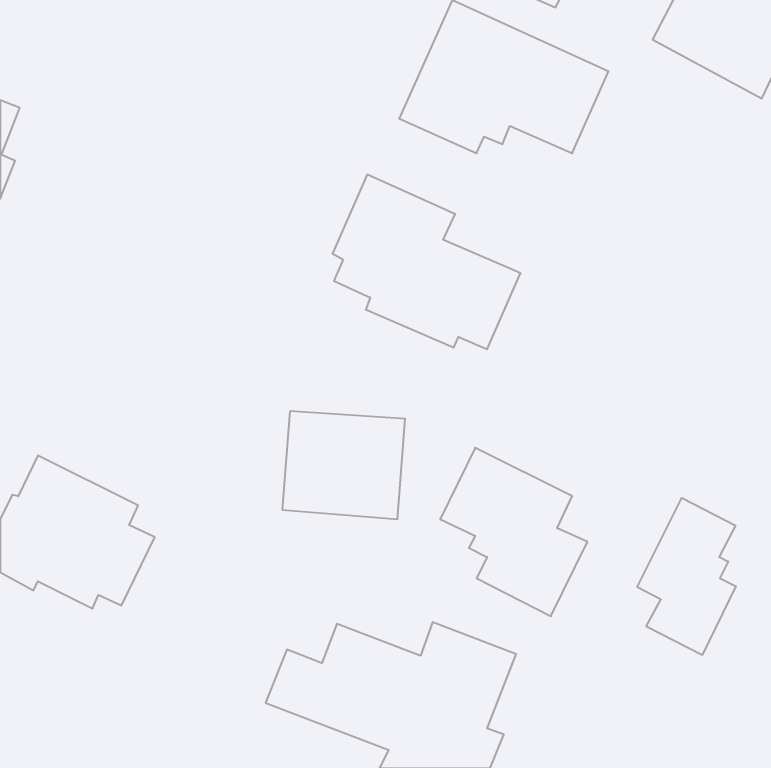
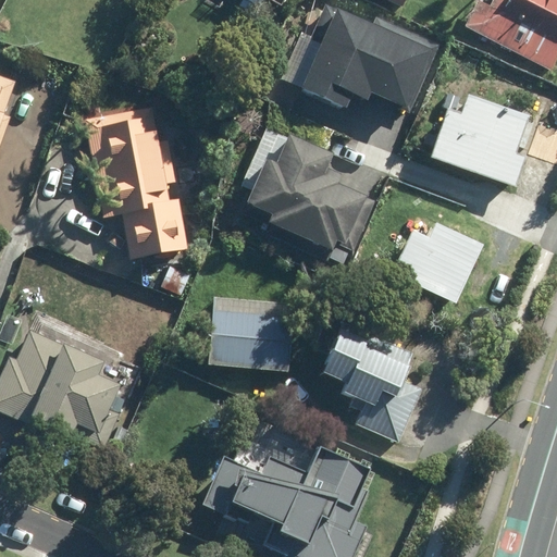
building: none -> [430,92,540,187]
building: none -> [85,104,190,255]
building: none -> [392,221,483,300]
building: [637,498,736,655] -> none

